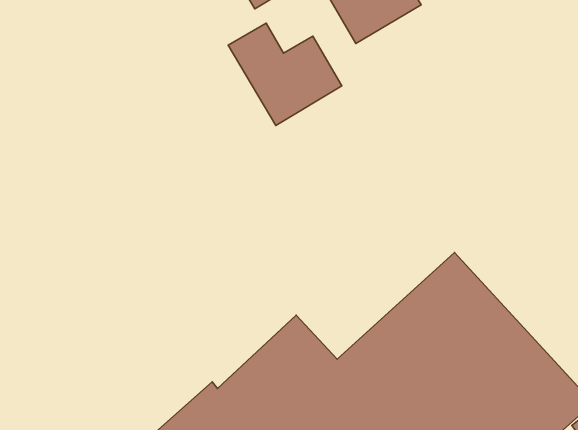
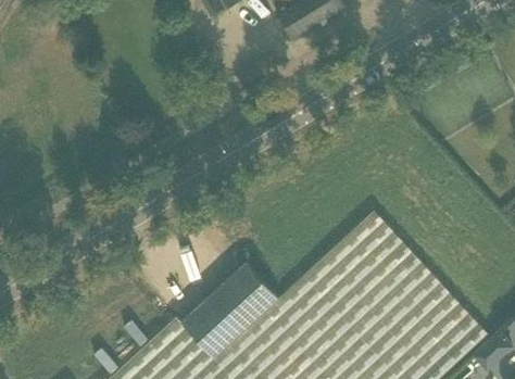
building: [228,23,342,125] -> none

